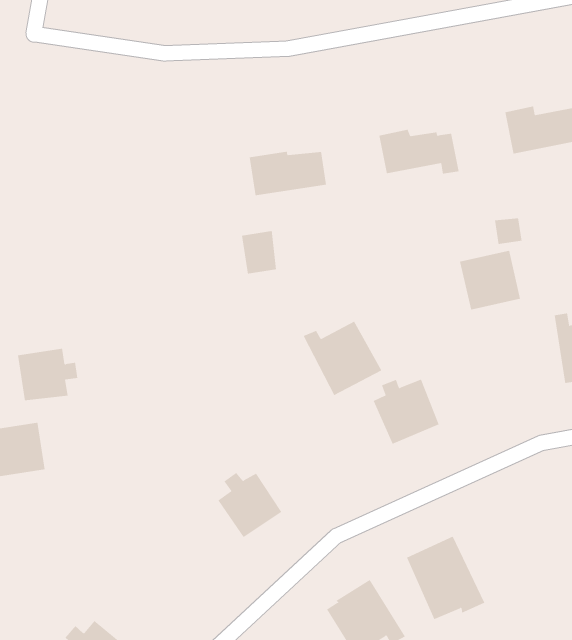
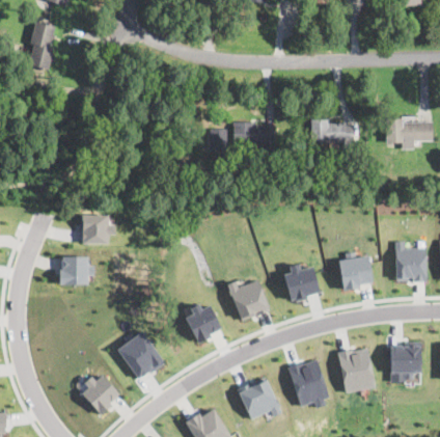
building: [241,231,277,274] -> [209,129,227,152]
building: [459,250,521,310] -> [339,256,372,288]
building: [303,321,382,396] -> [227,279,270,321]
building: none -> [337,347,376,393]
building: none -> [117,331,164,379]

